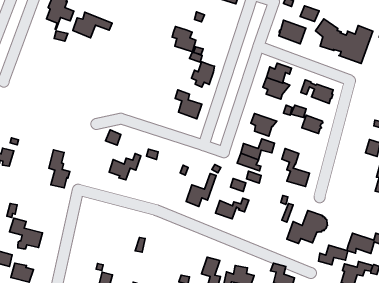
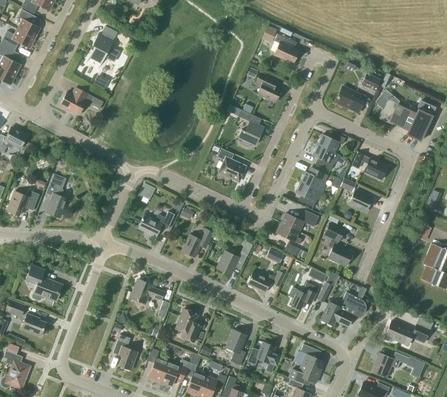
building: [73,12,112,38] -> [60,87,103,115]
building: [172,26,196,52] -> [255,73,280,102]
building: none -> [300,168,328,193]
building: [49,150,70,188] -> [46,174,68,216]
building: none -> [181,228,213,258]
building: none -> [289,282,318,310]
building: none -> [130,279,164,303]
building: none -> [175,309,201,342]
building: [319,245,348,265] -> none

